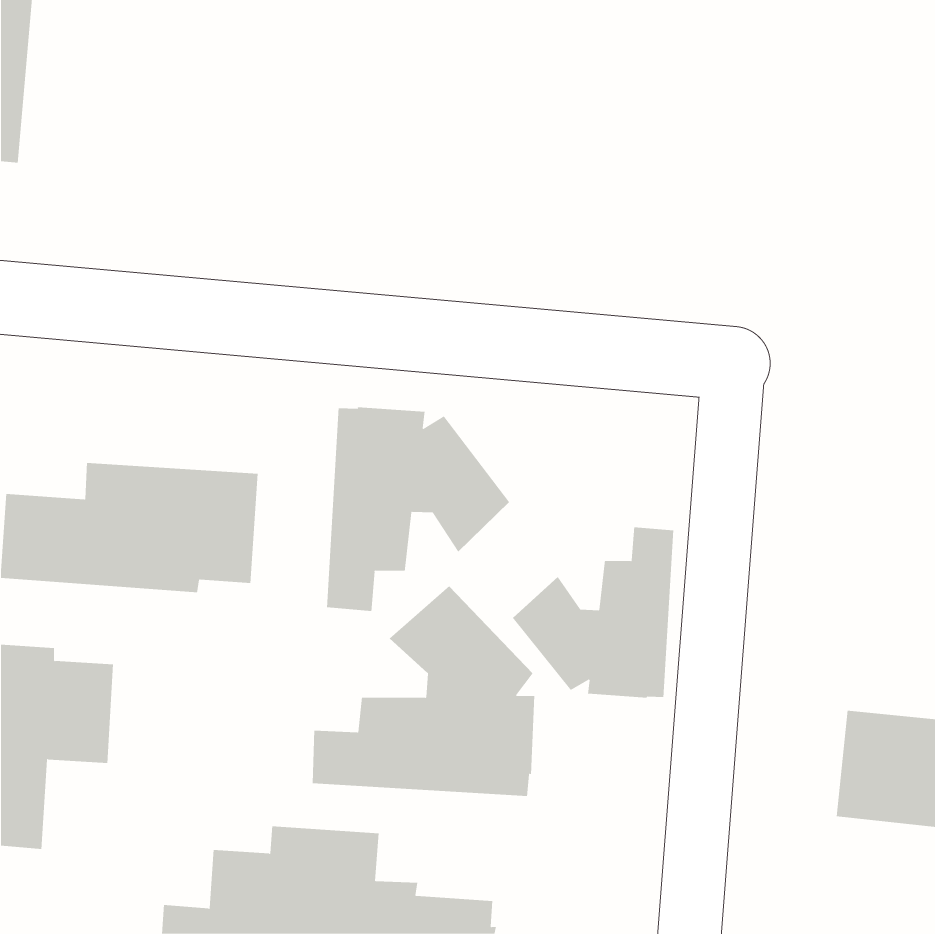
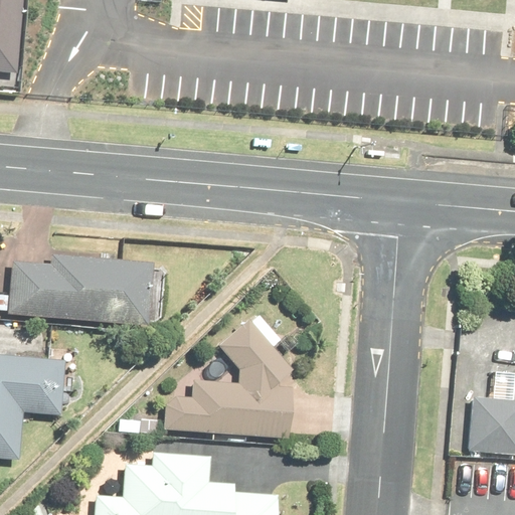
building: [326,406,510,612] -> none
building: [512,527,674,699] -> none

